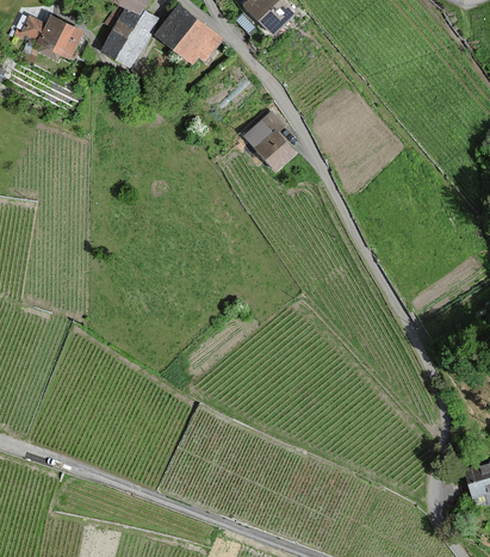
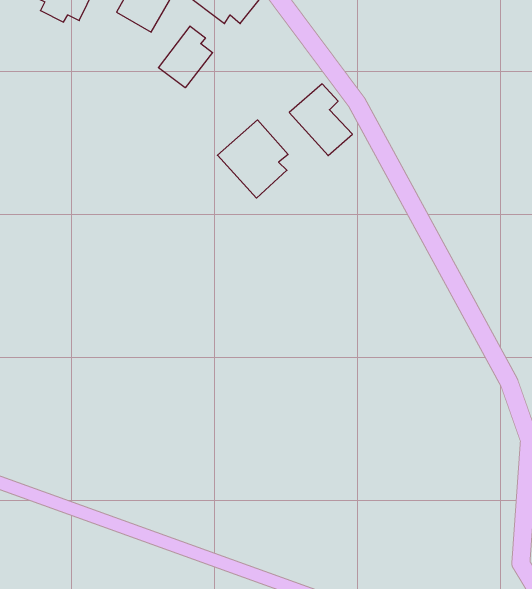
building: none -> [158,26,213,88]
building: none -> [217,120,288,198]

